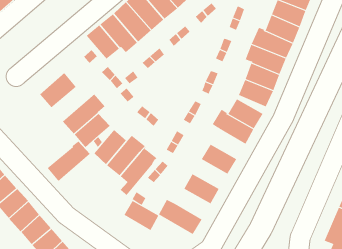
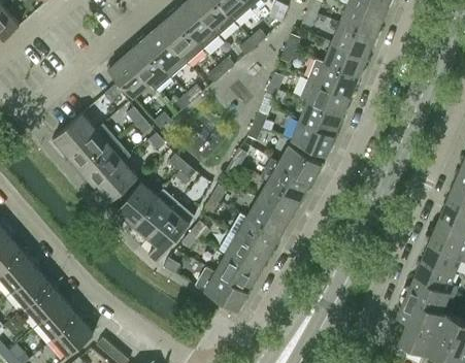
building: none -> [258,182,301,219]
building: [47,141,90,182] -> [65,124,118,173]
building: none -> [236,219,279,255]
building: [124,200,159,231] -> [215,255,259,292]

